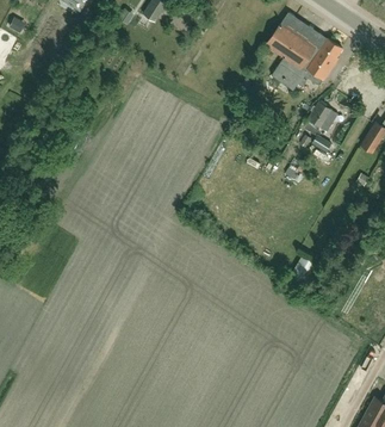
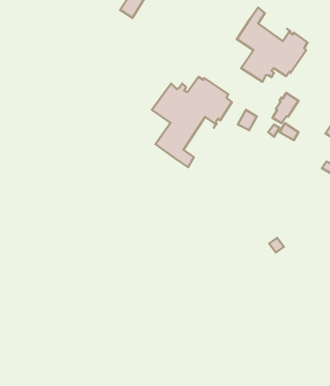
building: none -> [152,77,232,167]

